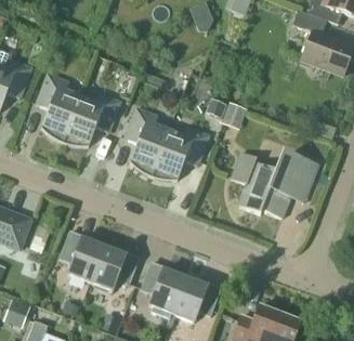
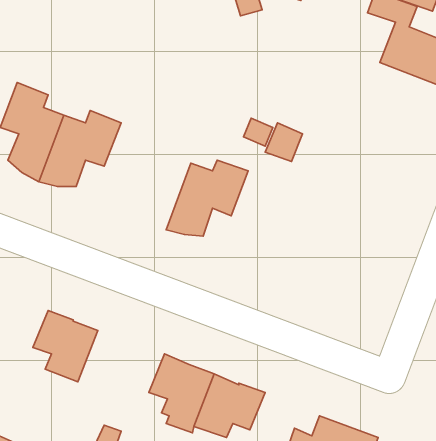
building: [124,107,169,175] -> none
building: [230,149,318,217] -> none
building: [90,246,139,290] -> none

